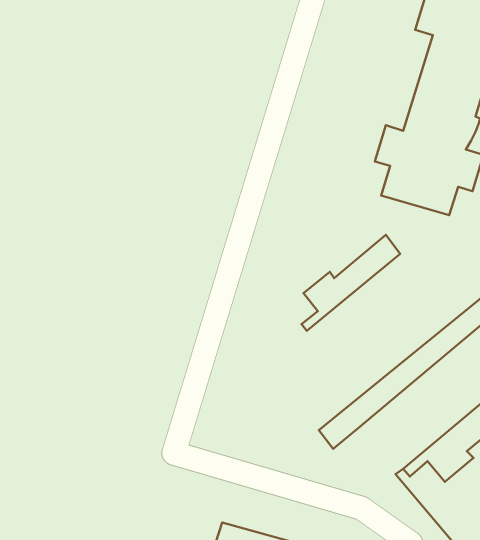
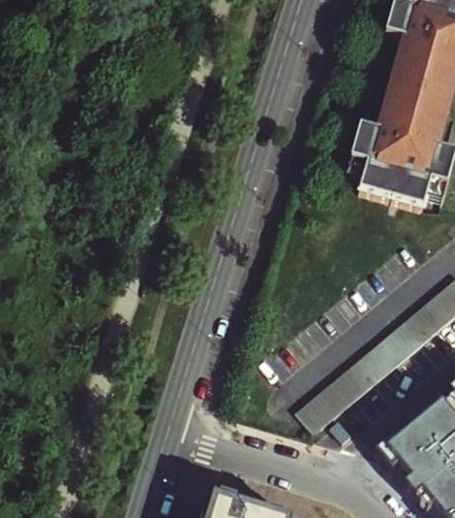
building: [301,235,400,331] -> none

